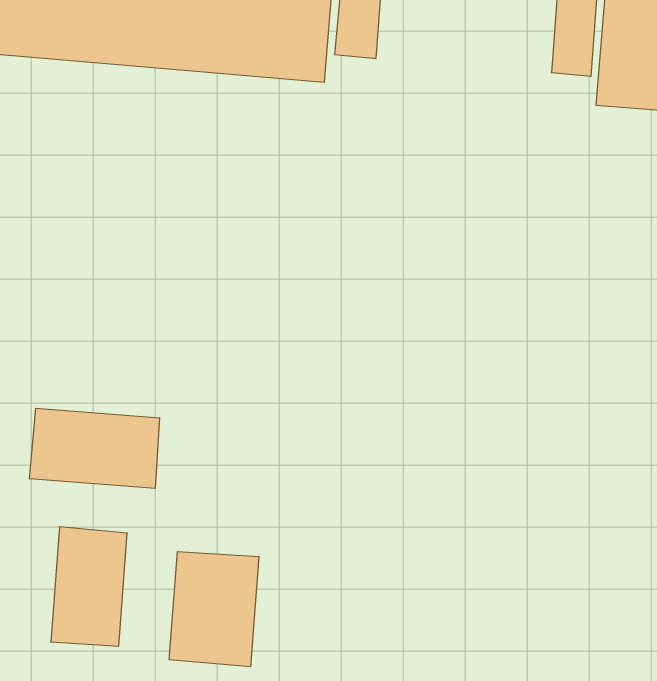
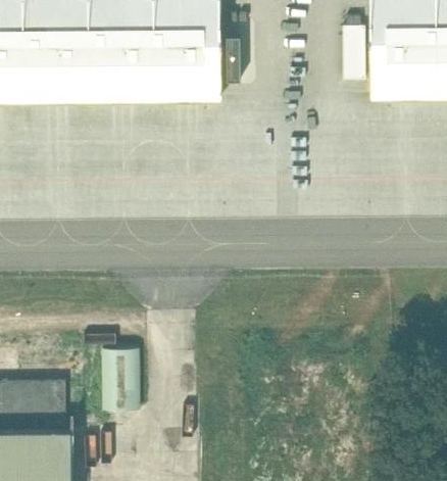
building: [30,408,159,488] -> none
building: [169,551,259,667] -> none

